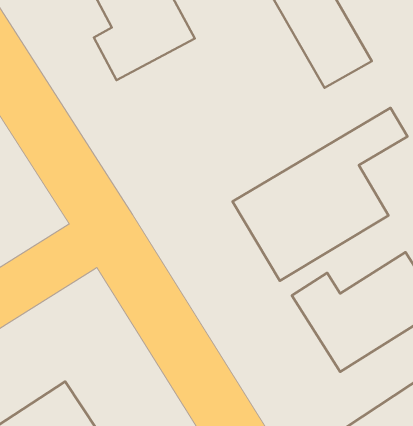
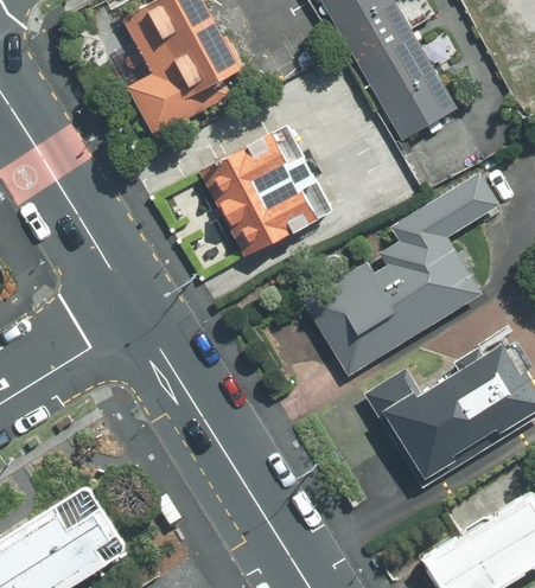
building: none -> [198,121,338,254]

